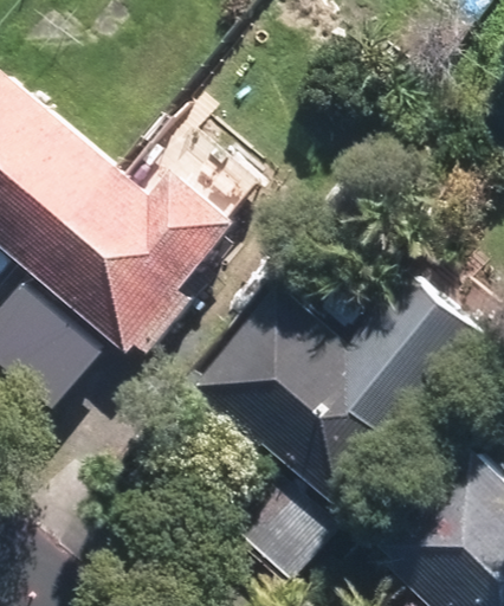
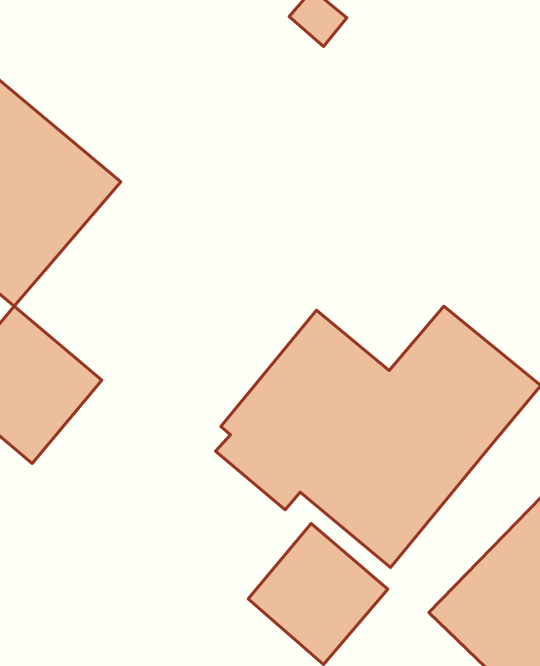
building: [28,166,230,350] -> none

